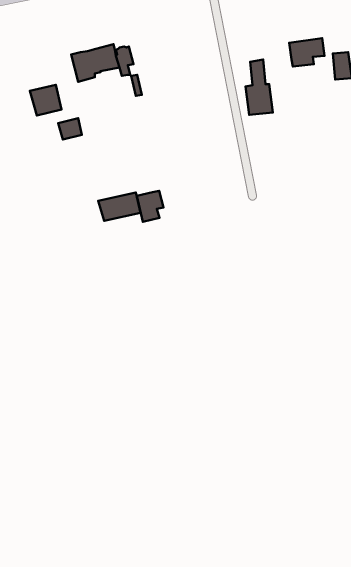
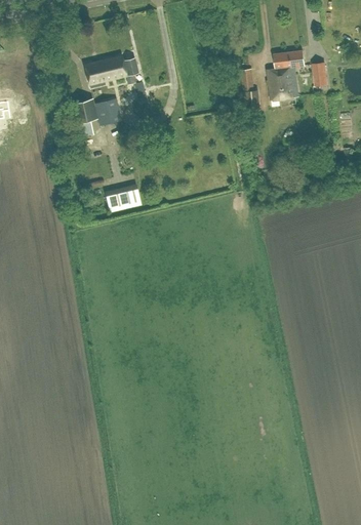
building: none -> [267,69,298,99]
building: [30,85,62,115] -> [93,98,121,125]
building: [137,191,164,222] -> none

